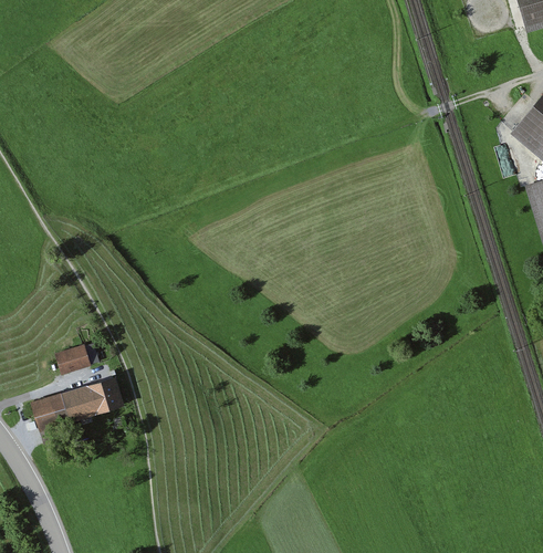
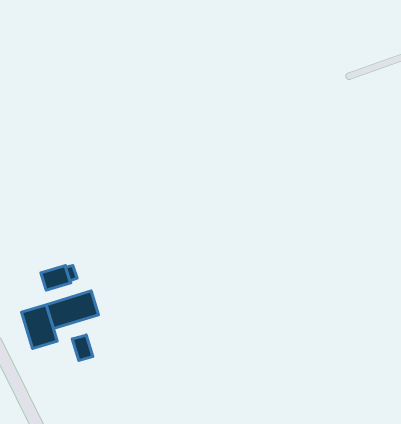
building: none -> [72,335,93,361]

